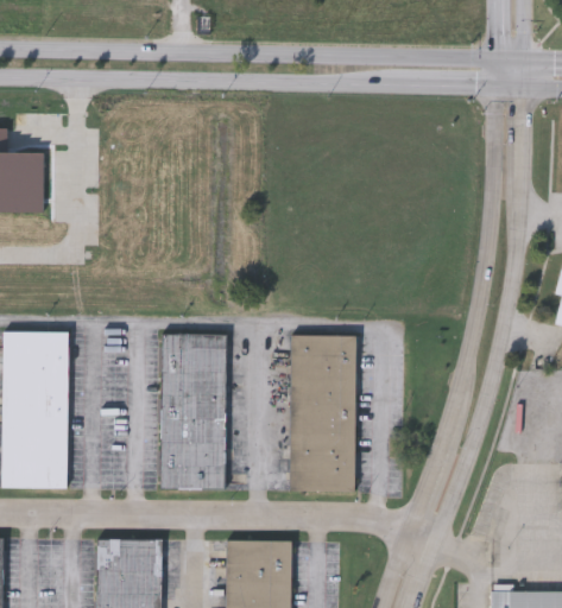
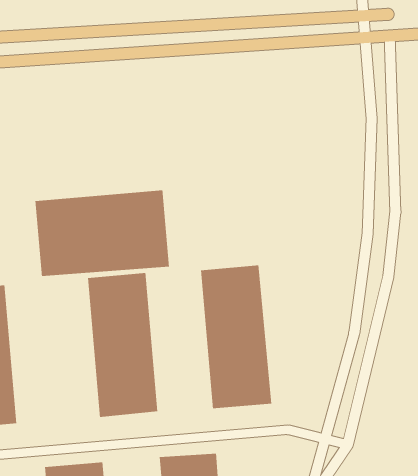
building: none -> [35,190,170,277]

